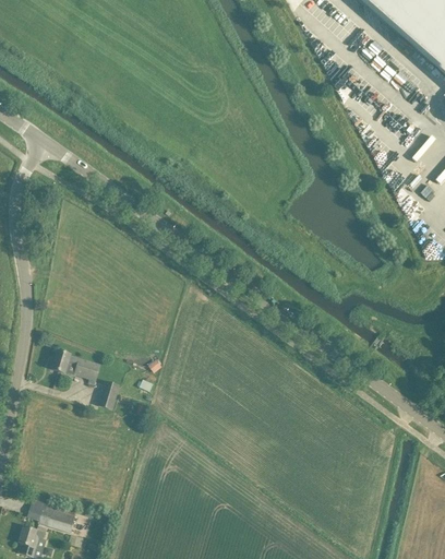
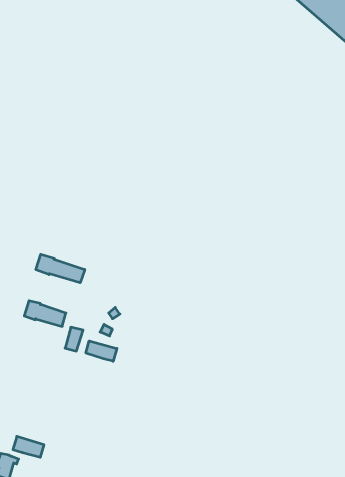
building: none -> [36,254,85,283]
building: none -> [86,341,117,361]

